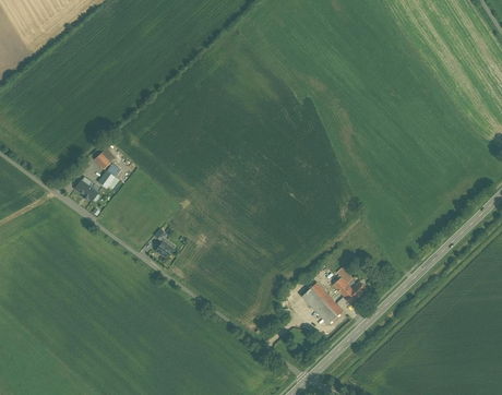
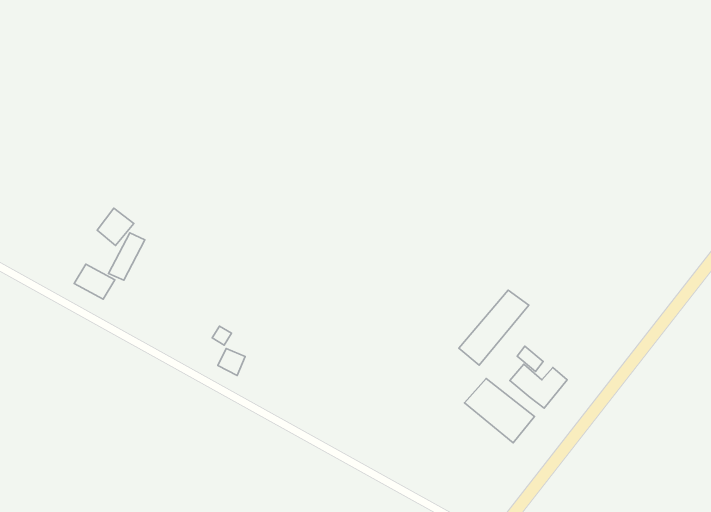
building: none -> [459,290,529,365]

